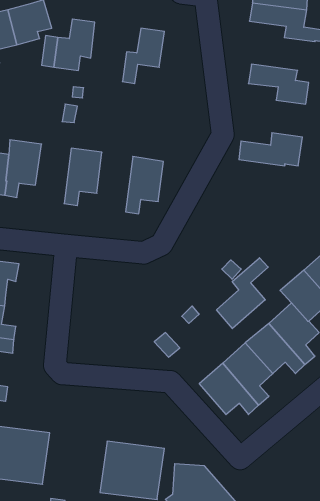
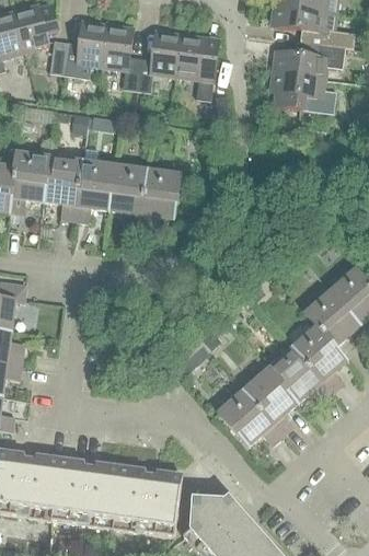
building: none -> [102,24,140,88]
building: none -> [175,34,218,99]
building: [239,133,302,166] -> [274,40,342,76]
building: none -> [43,154,81,218]
building: none -> [108,163,147,227]
building: [217,258,268,329] -> none
building: none -> [50,463,119,526]

